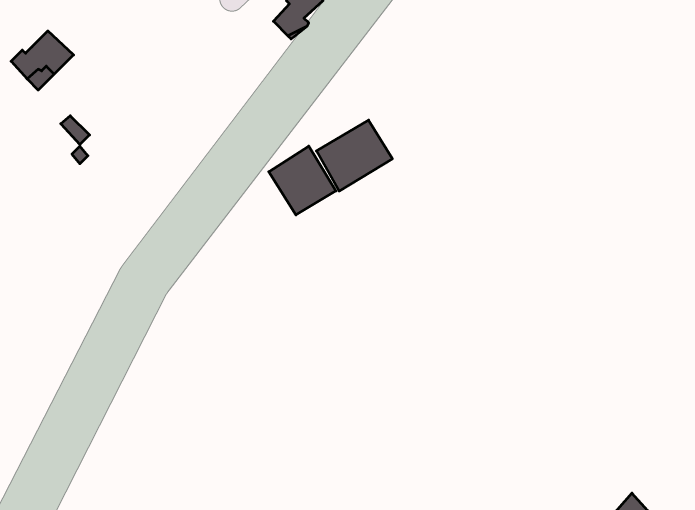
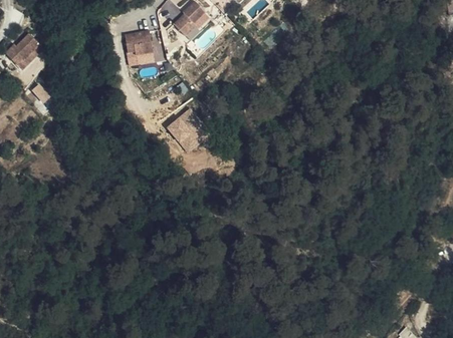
building: none -> [125,33,153,57]
building: [316,120,392,191] -> none

